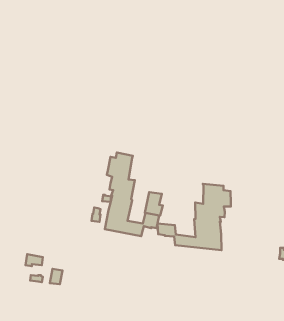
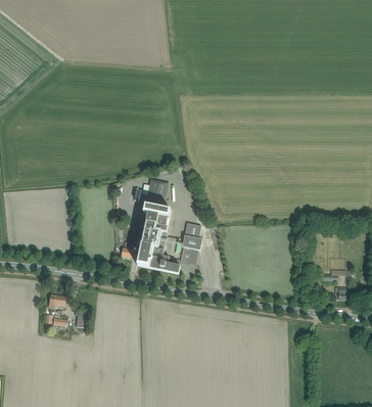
building: [157,184,231,250] -> none

